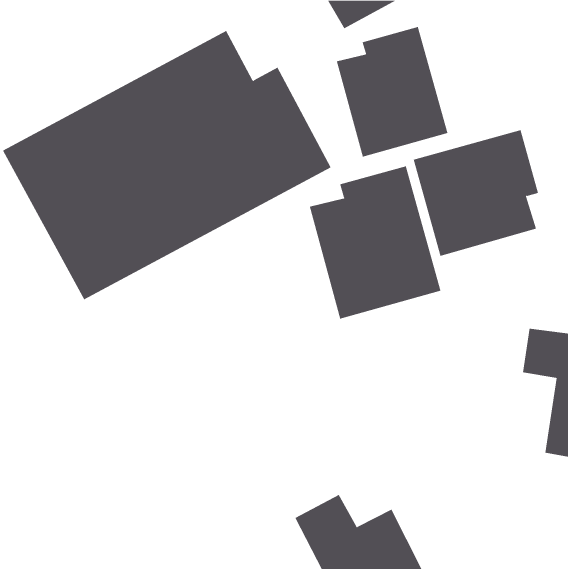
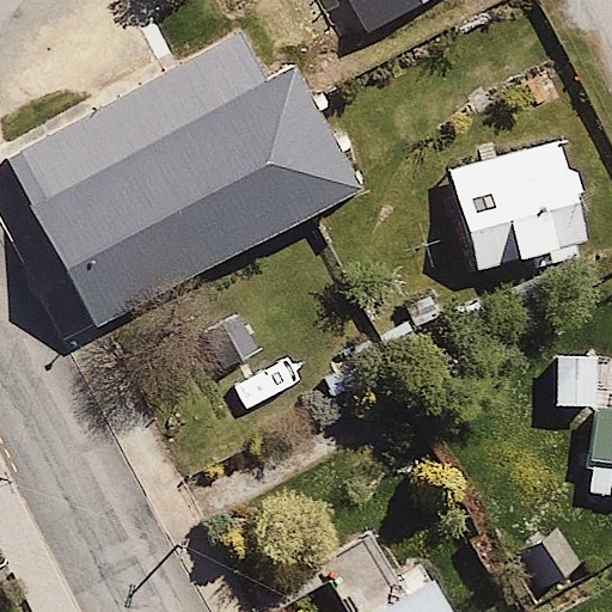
building: [336,26,448,158] -> none
building: [309,165,441,320] -> none

